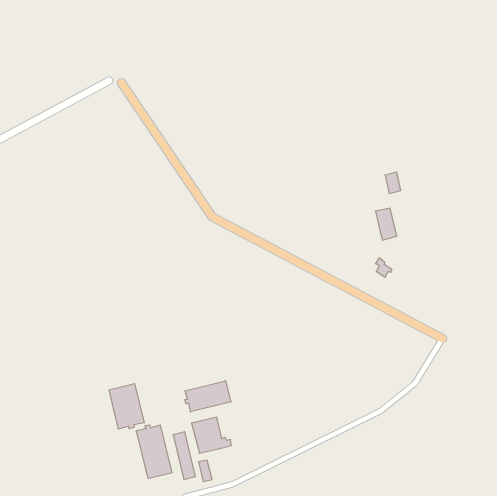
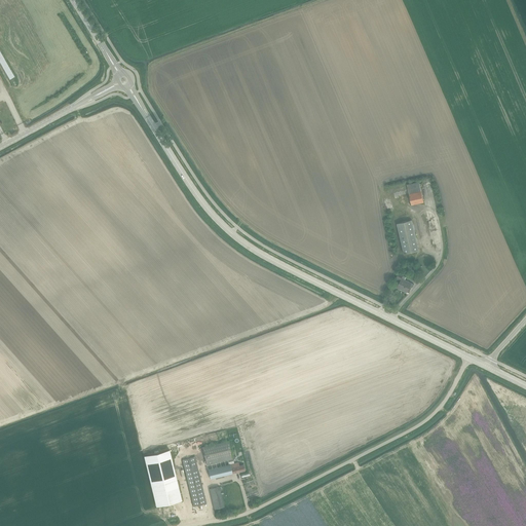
building: [185,381,231,412] -> none
building: [109,384,144,429] -> none

